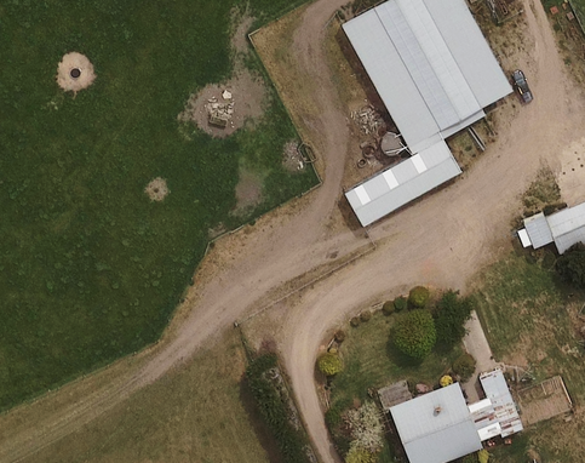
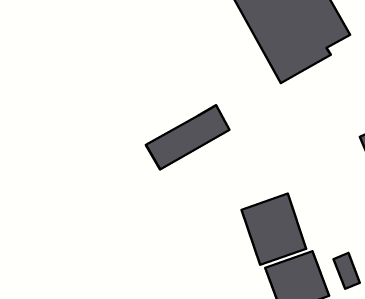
building: [343,138,458,227] -> [146,105,229,170]
building: none -> [242,194,306,265]

